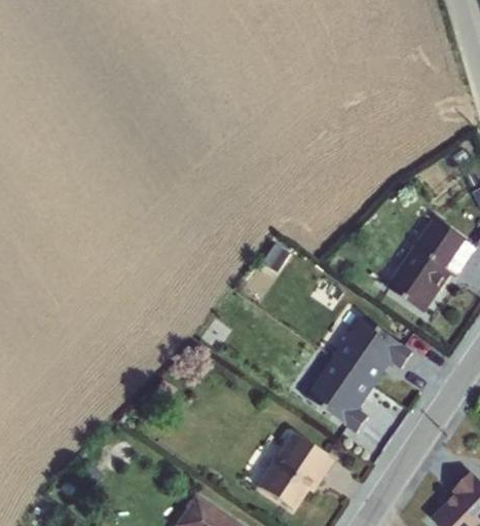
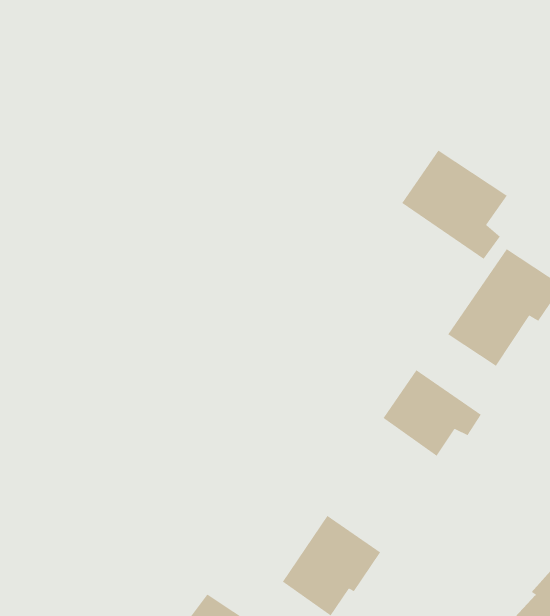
building: none -> [401,149,508,260]
building: [304,353,377,431] -> none

